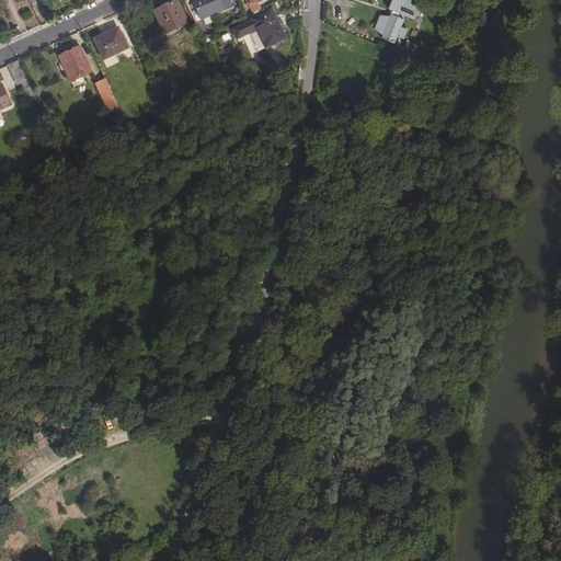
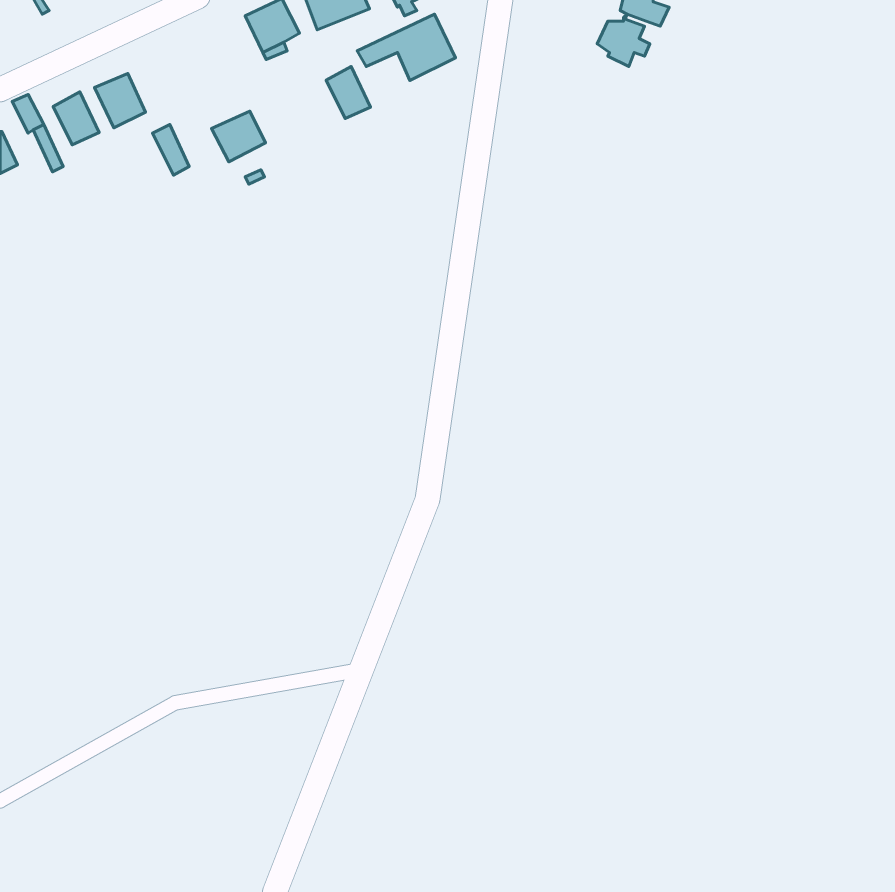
building: [93,26,127,58] -> [211,111,266,162]
building: none -> [326,66,371,119]
building: none -> [53,92,99,145]

